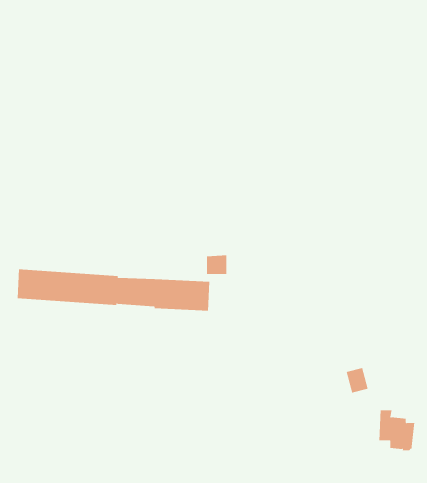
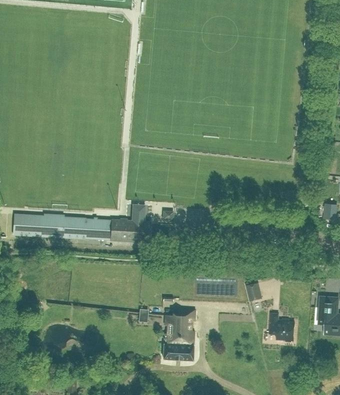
building: none -> [163,308,194,359]

